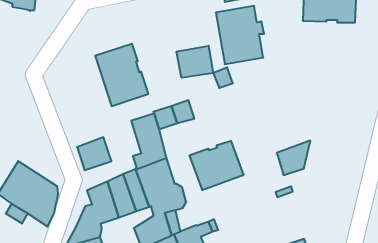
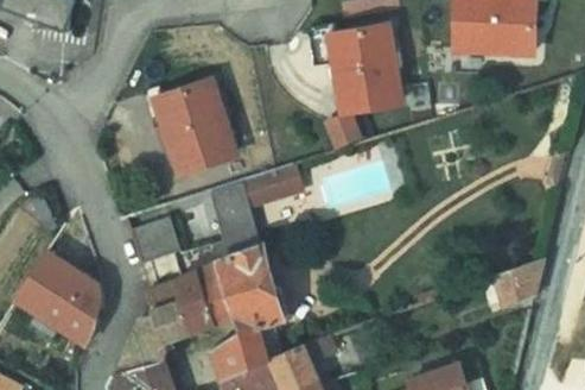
building: [176,46,213,78] -> none
building: [277,141,310,175] -> [494,258,542,308]
building: [190,141,243,190] -> none

